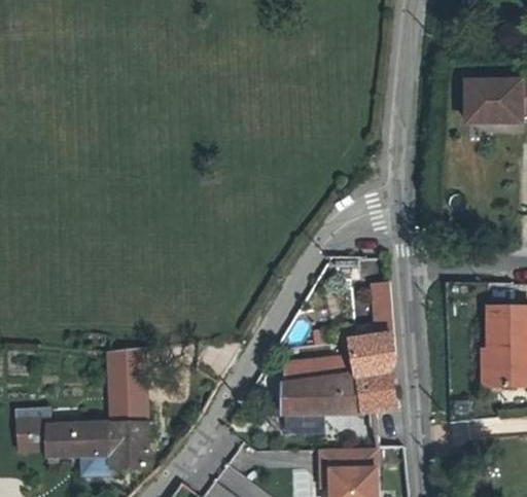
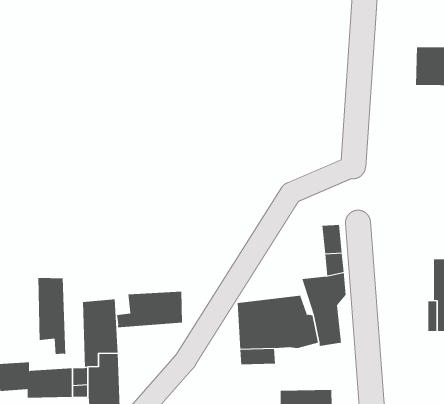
building: none -> [38,277,66,355]
building: none -> [117,291,182,328]

